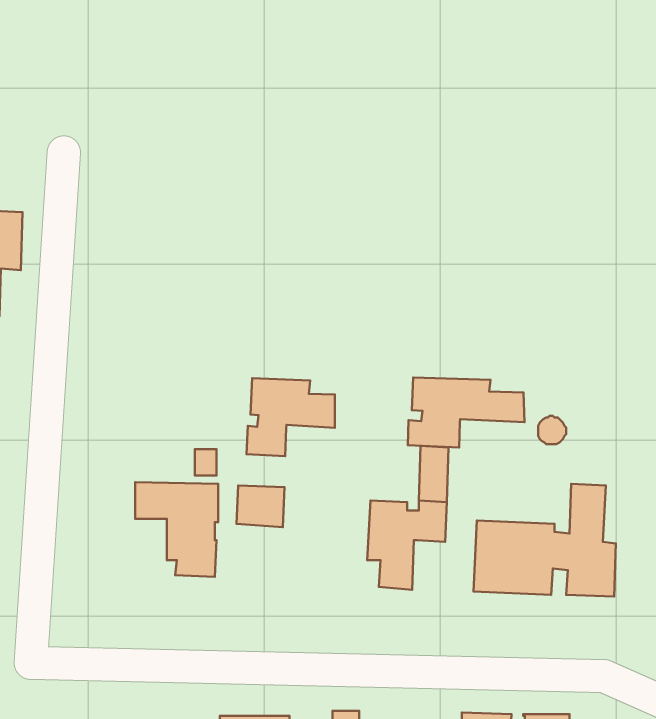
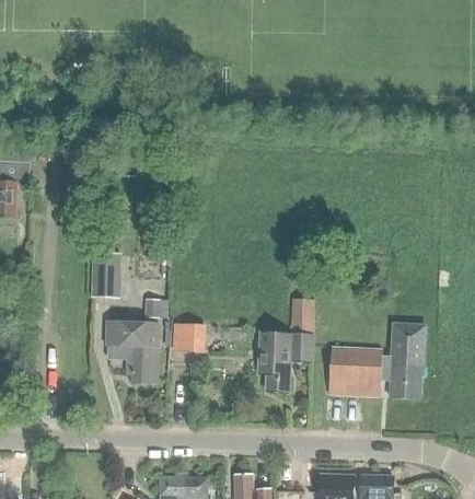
building: [408,378,524,447] -> none
building: [247,378,335,456] -> none
building: none -> [91,254,117,299]

